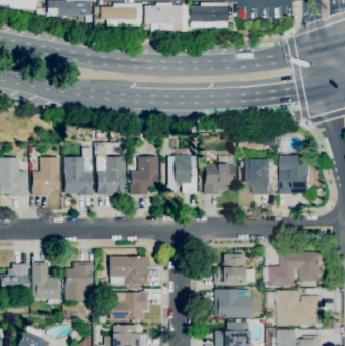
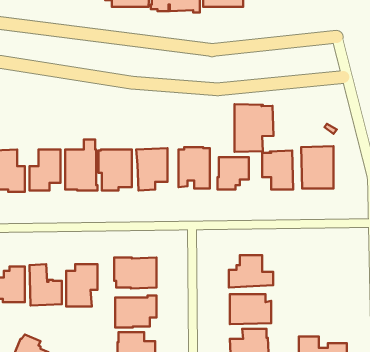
building: none -> [235,104,273,152]
building: [265,251,321,286] -> none
building: [268,290,321,326] -> none

